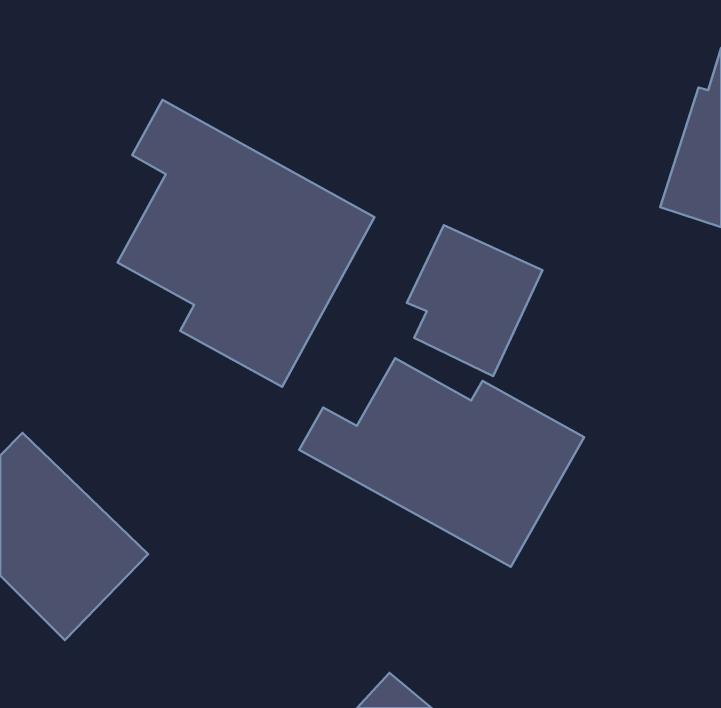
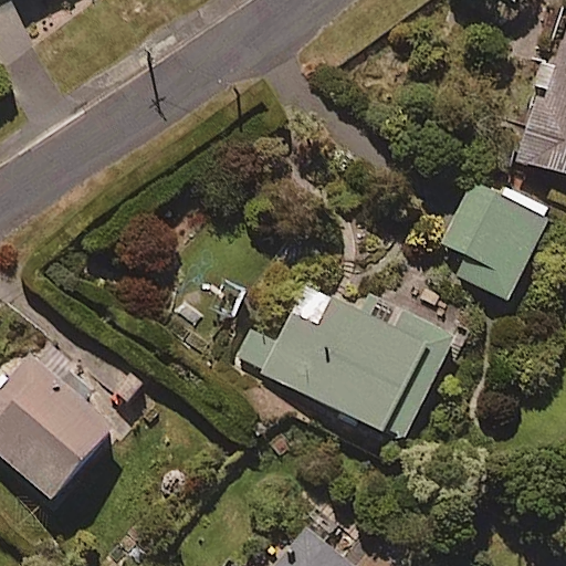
building: [118,100,375,387] -> none
building: [407,225,542,376] -> [443,182,549,301]

